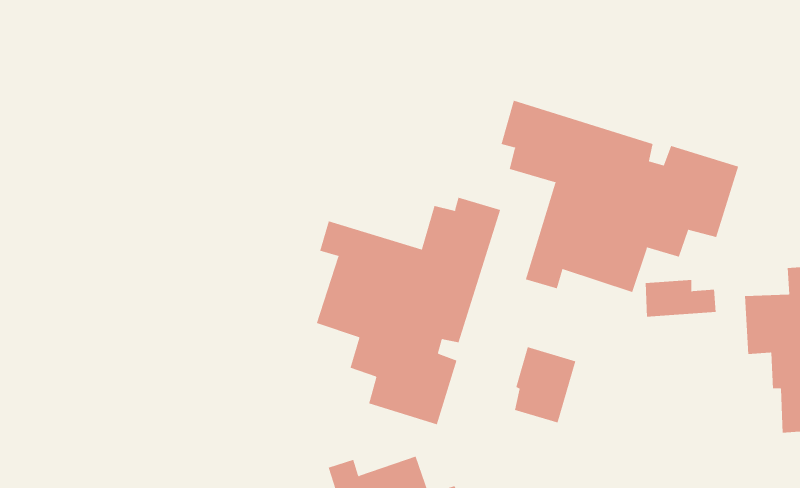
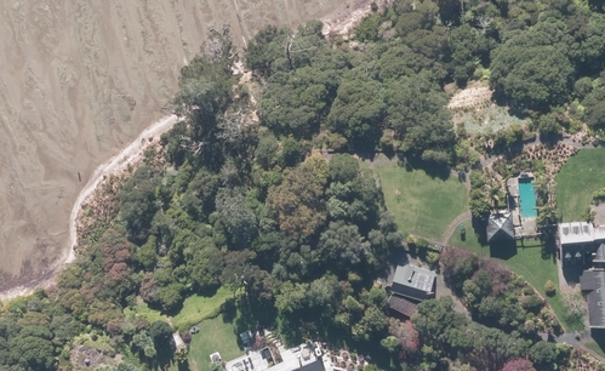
building: [501,100,739,293] -> none
building: [316,197,501,425] -> none

